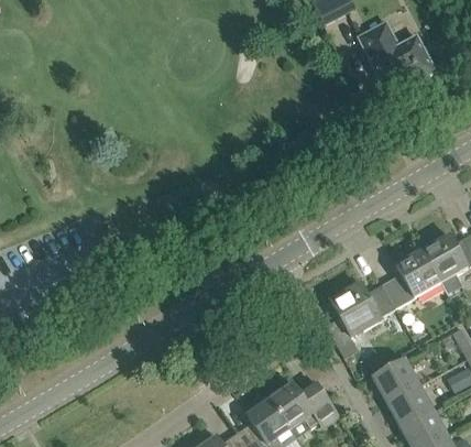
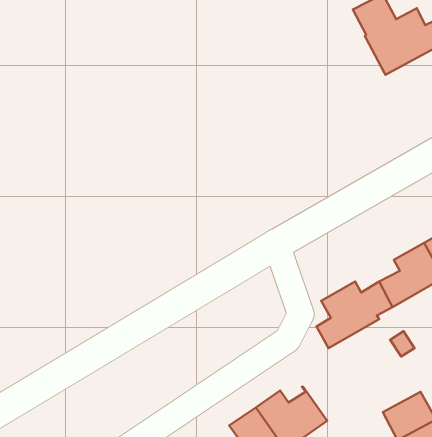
building: [371,357,420,402] -> none

